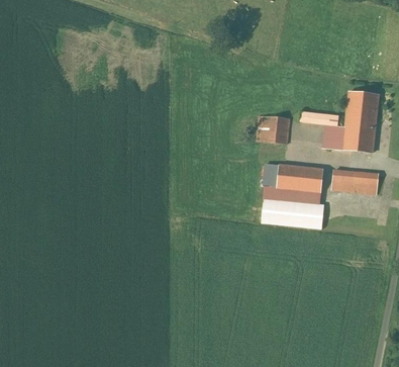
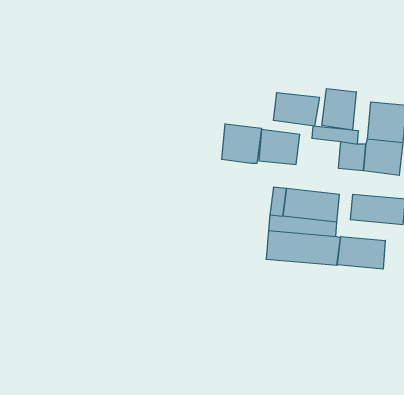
building: none -> [322,89,356,130]
building: none -> [273,92,319,126]
building: none -> [222,124,262,163]
building: none -> [338,236,385,269]

